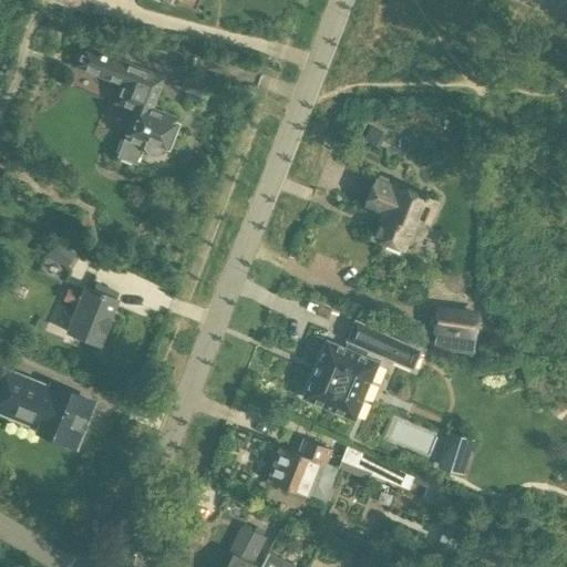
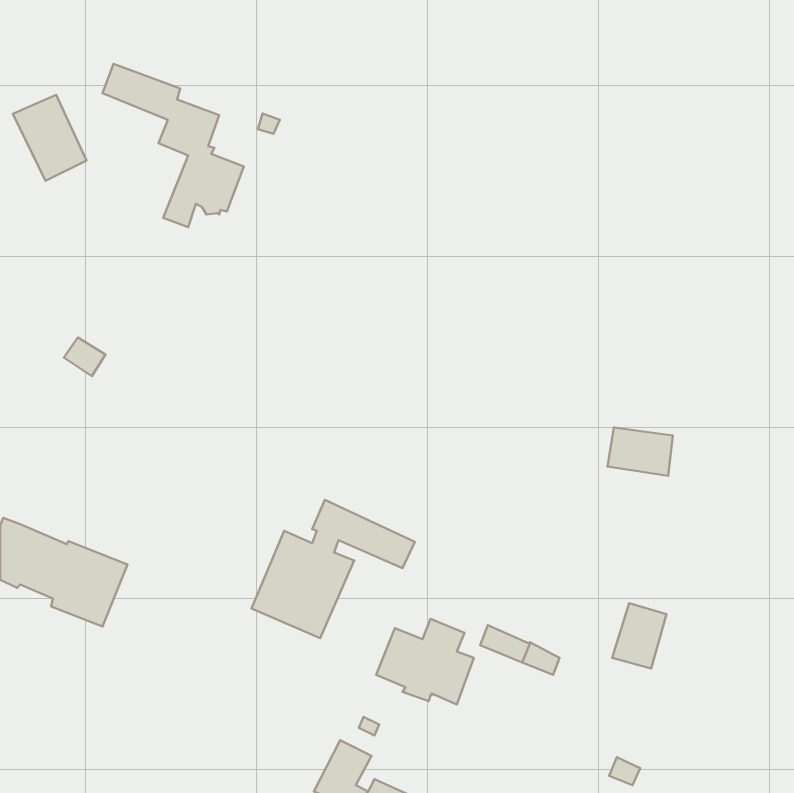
building: none -> [13,95,86,181]
building: [365,179,437,251] -> none
building: [62,285,117,344] -> none
building: [306,321,422,420] -> [252,500,415,638]

